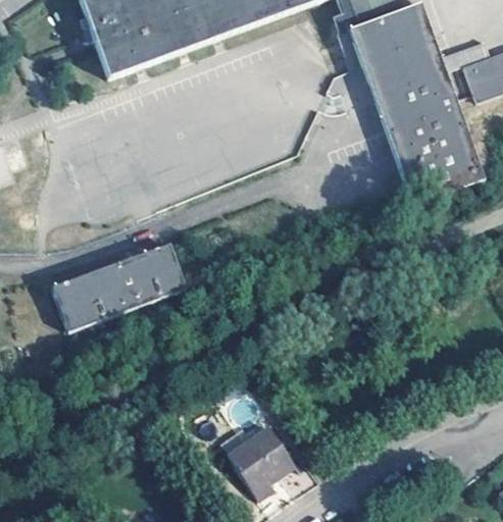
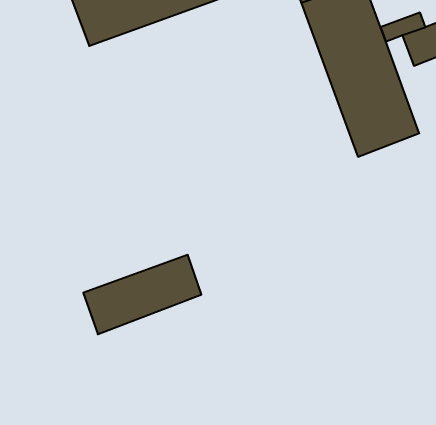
building: [51,242,185,331] -> [83,255,201,334]
building: [233,427,302,502] -> none

